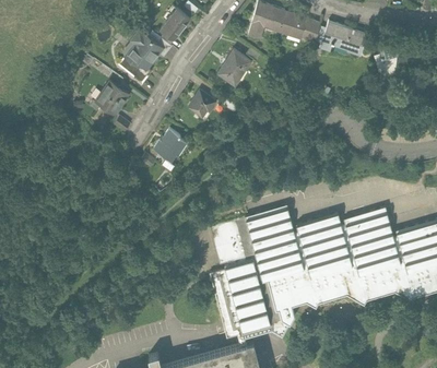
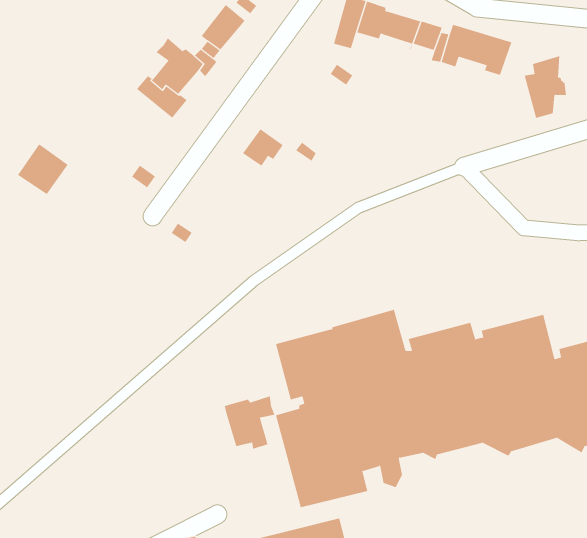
building: [219,49,251,83] -> none
building: [94,80,128,114] -> [17,143,69,195]
building: [154,128,186,159] -> none
building: none -> [224,395,275,449]

